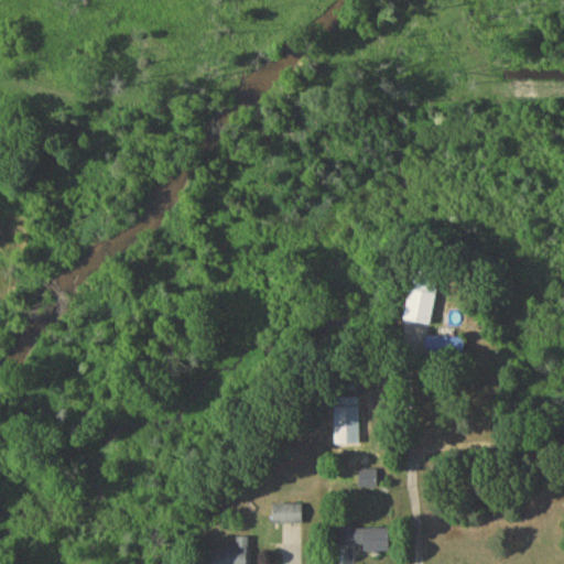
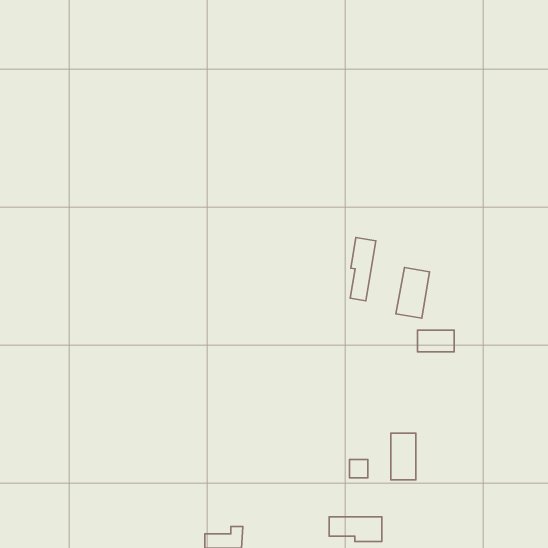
building: none -> [350,237,376,301]
building: [333,397,358,444] -> [391,433,416,480]
building: [271,505,302,524] -> none

